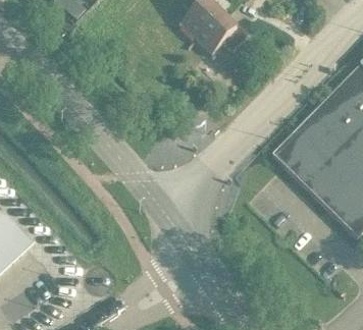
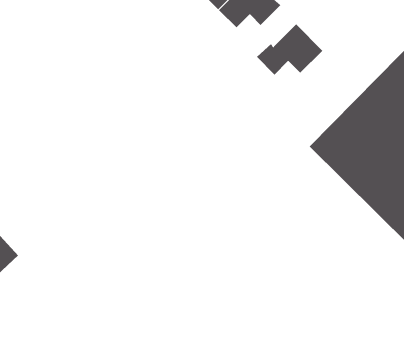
building: none -> [256,24,323,75]

